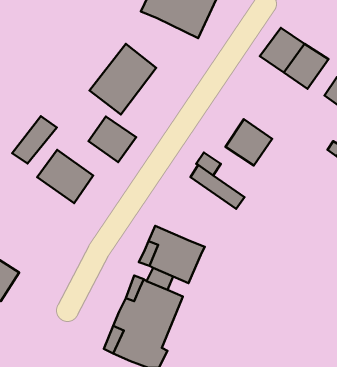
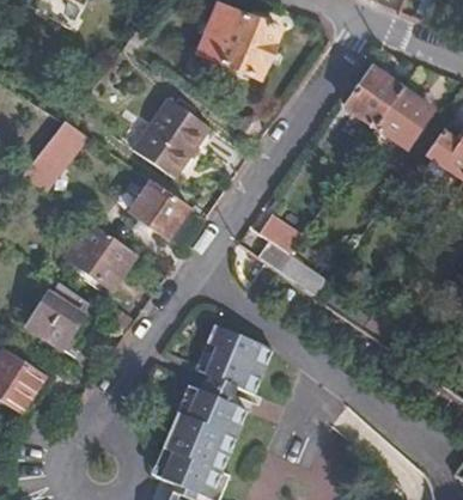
building: [12,116,57,164] -> [30,121,86,181]
building: [226,119,272,166] -> none
building: none -> [29,283,90,346]

